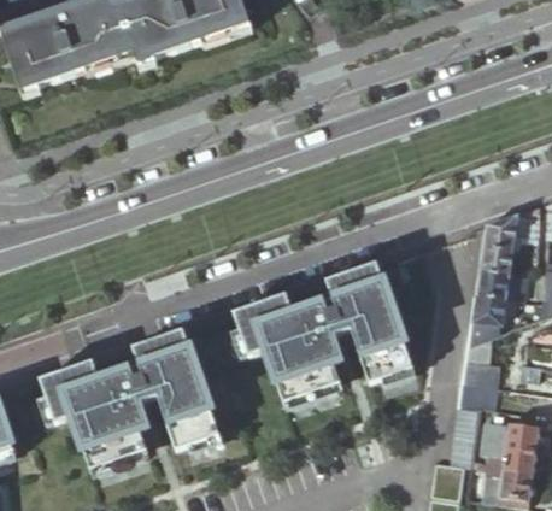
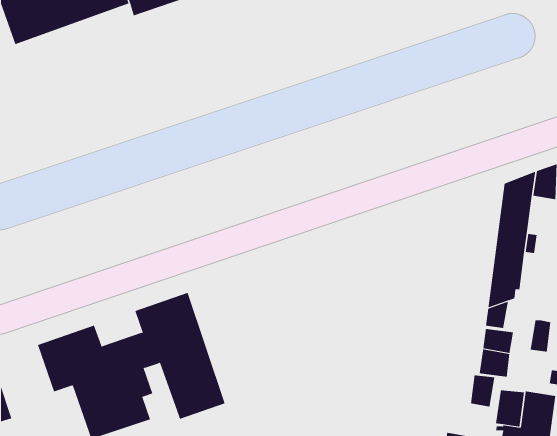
building: [231,262,413,403] -> none

